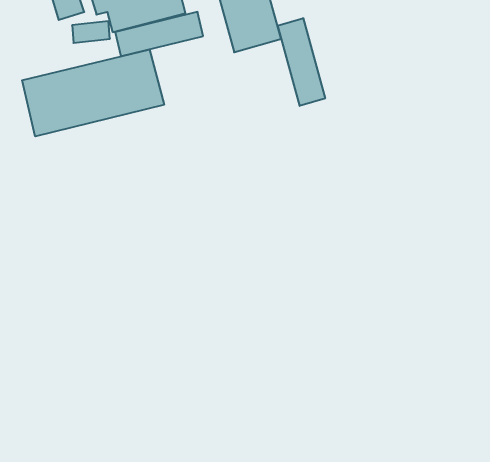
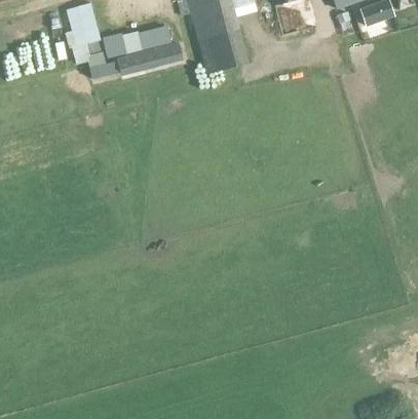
building: [278,18,325,106] -> none
building: [22,49,164,136] -> none

